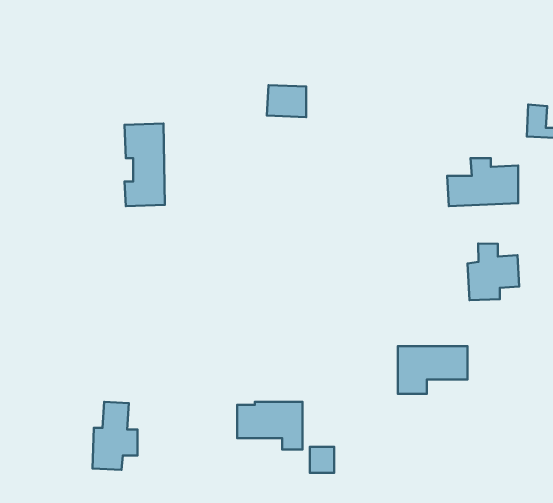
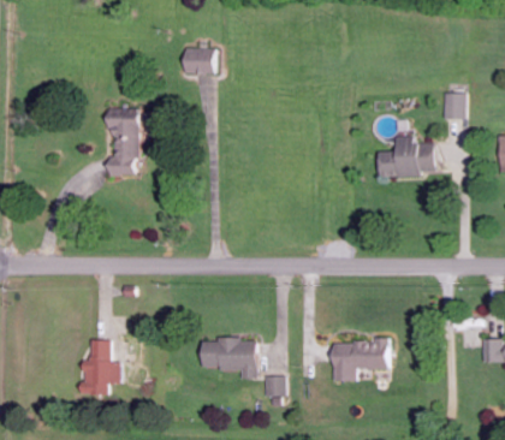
building: [267,85,306,117] -> [182,48,214,75]
building: [468,243,519,300] -> none
building: [398,346,467,394] -> [333,341,391,381]

